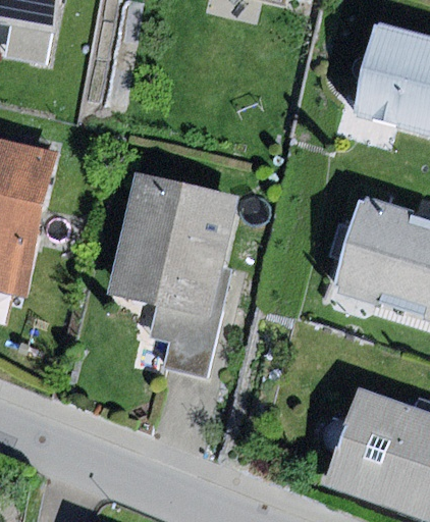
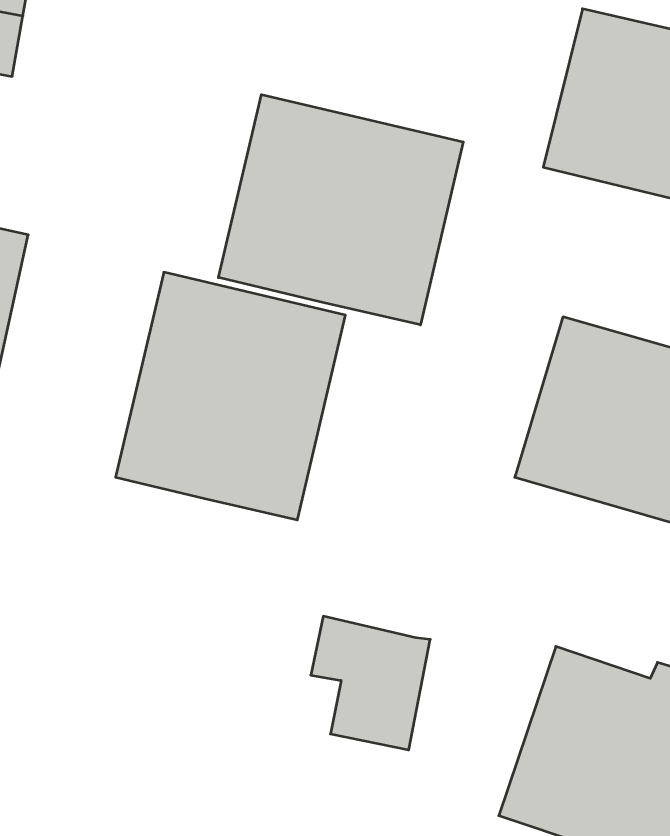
building: none -> [218,95,463,325]
building: [151,303,219,379] -> [311,616,430,750]

